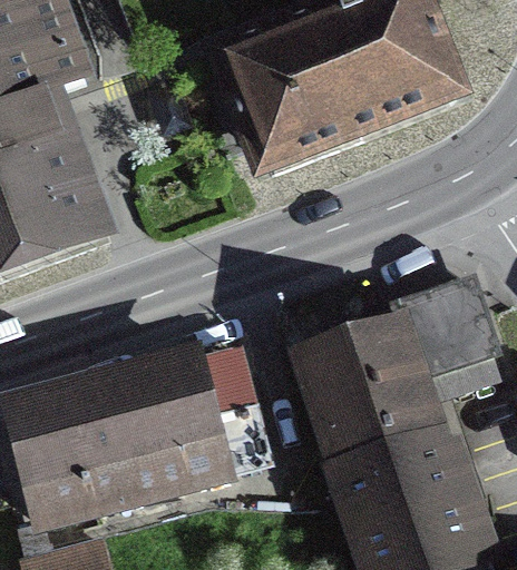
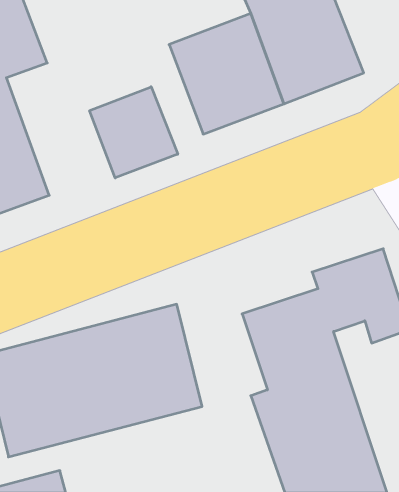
building: none -> [90,87,178,178]

